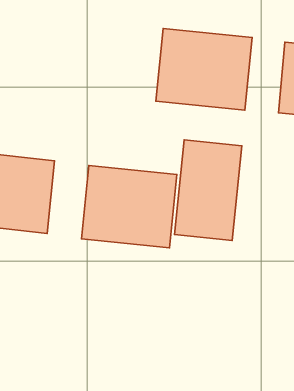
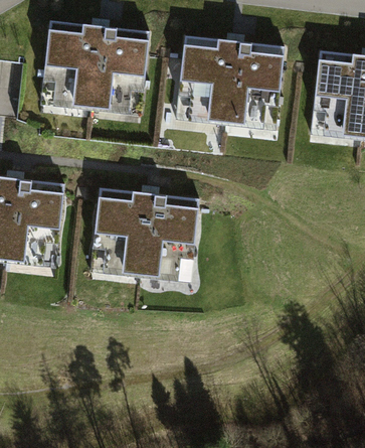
building: none -> [43,21,148,113]
building: [174,140,242,240] -> none

